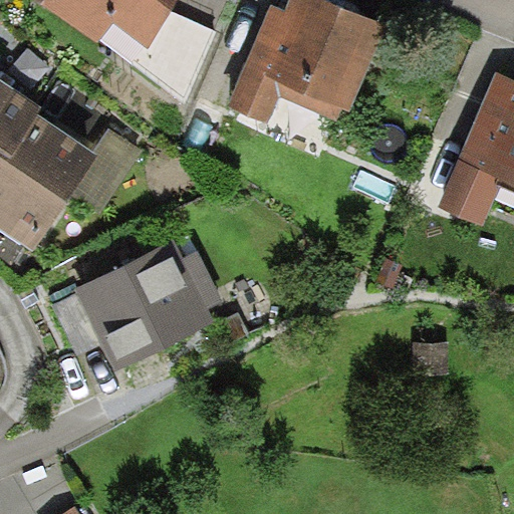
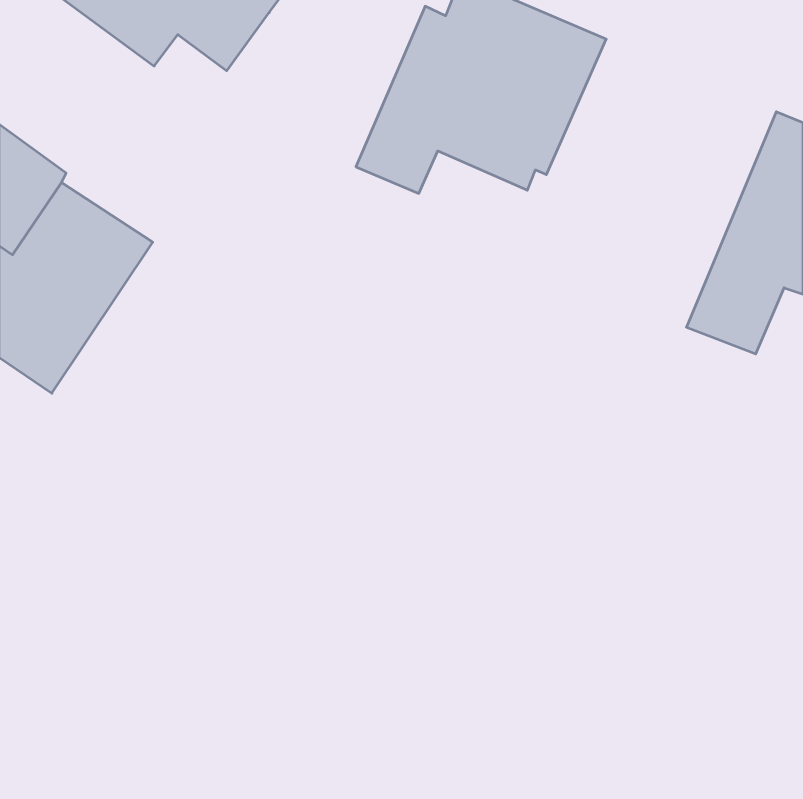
building: [135,8,215,100] -> none
building: [67,229,226,374] -> none

